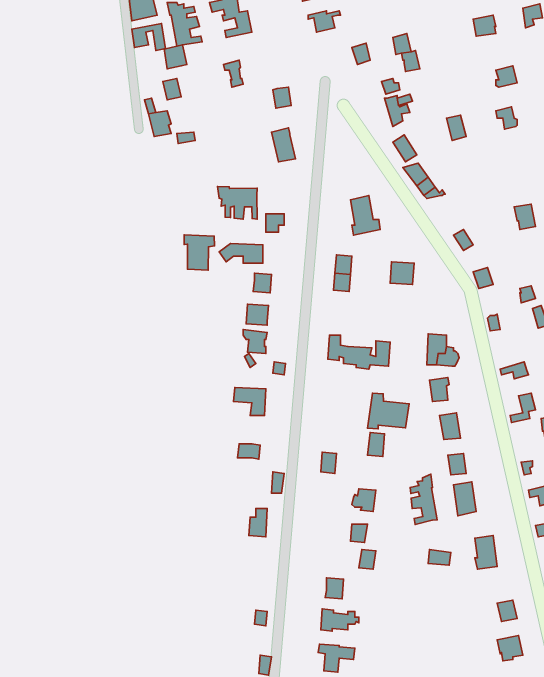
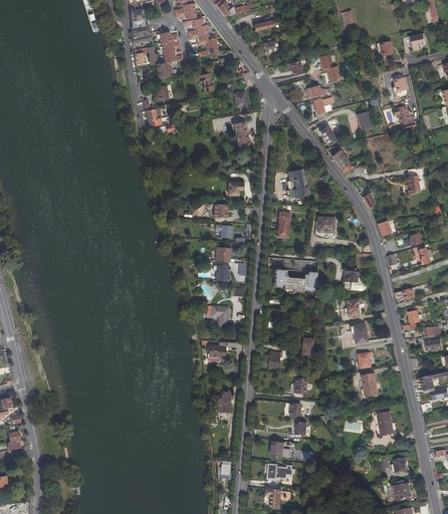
building: [218,187,257,219] -> none
building: [184,235,214,270] -> none
building: [368,393,409,429] -> none
building: [410,474,437,524] -> none

